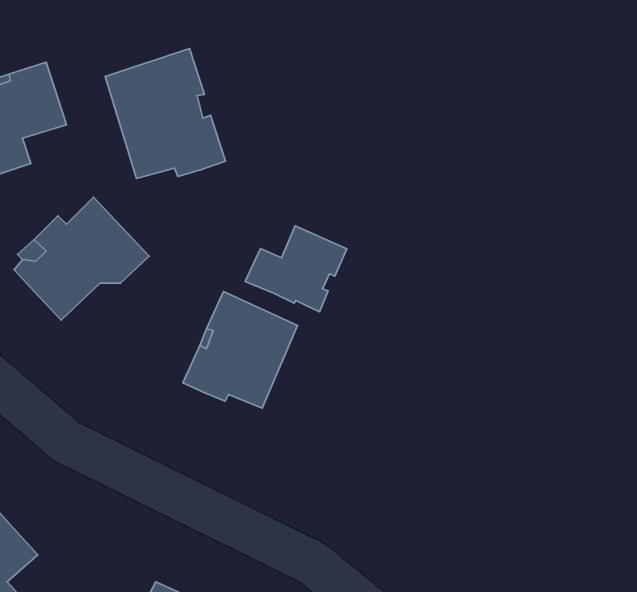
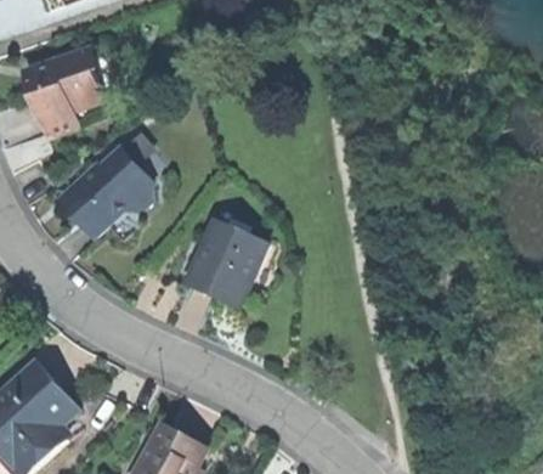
building: [105,49,226,179] -> none
building: [245,226,347,312] -> none

